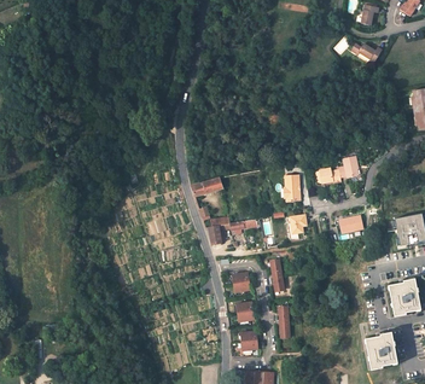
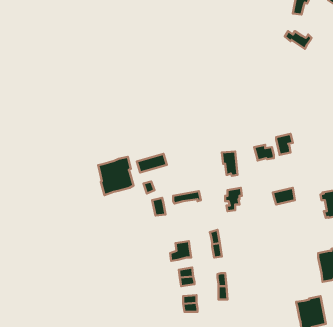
building: none -> [98,157,134,195]

